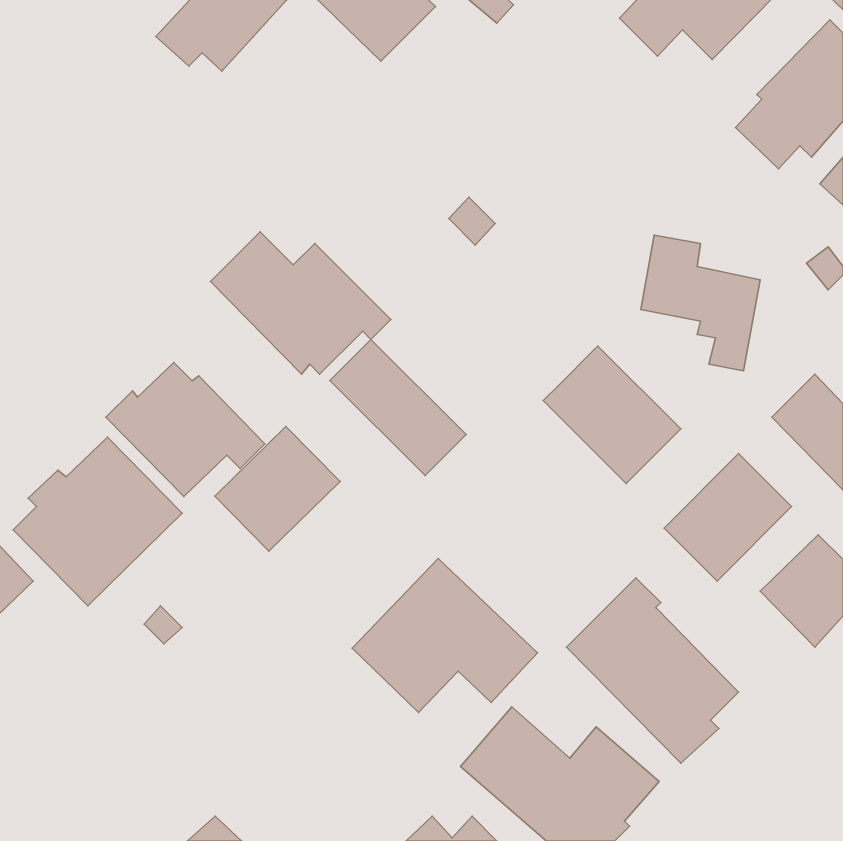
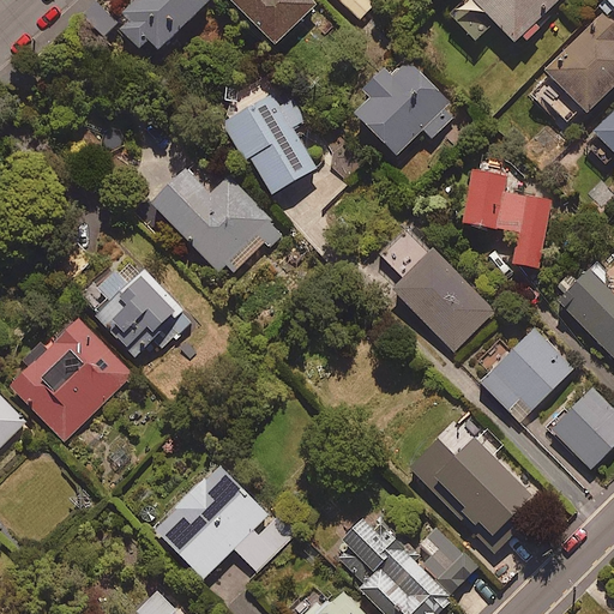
building: none -> [354,54,457,155]
building: none -> [222,95,317,194]
building: none -> [375,224,431,279]
building: [330,339,466,475] -> none
building: [215,426,340,551] -> none
building: [352,559,538,713] -> [156,466,290,578]

